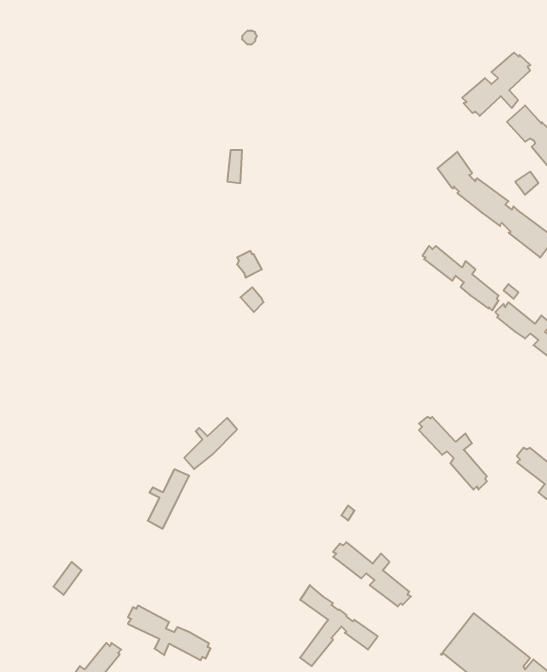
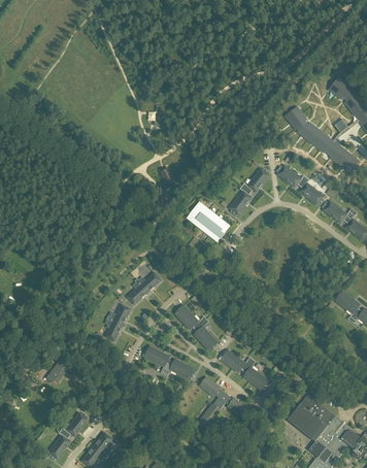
building: [462,53,530,116] -> none
building: none -> [230,168,270,215]
building: none -> [187,201,230,241]
building: [419,417,487,490] -> [175,305,218,350]
building: [128,606,211,660] -> [144,345,196,379]

